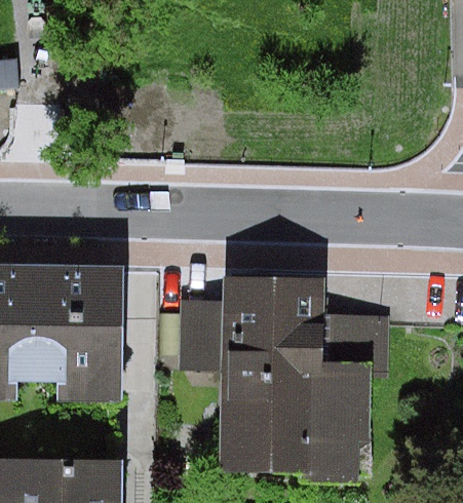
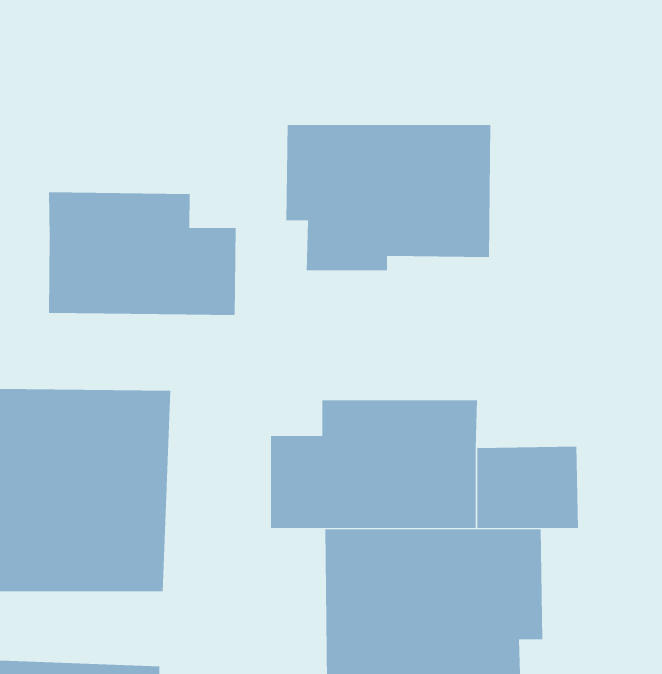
building: none -> [286,124,491,271]
building: none -> [48,192,236,316]

